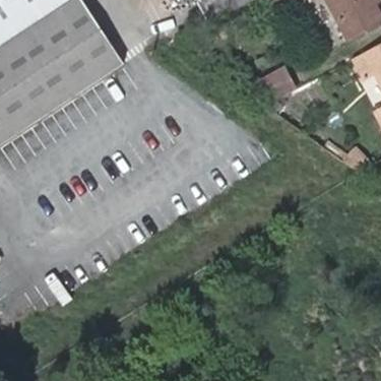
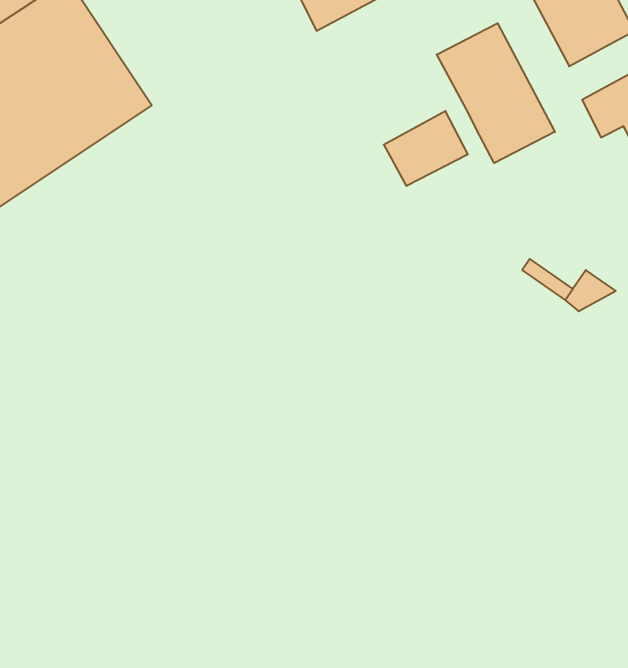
building: none -> [437,23,555,163]

